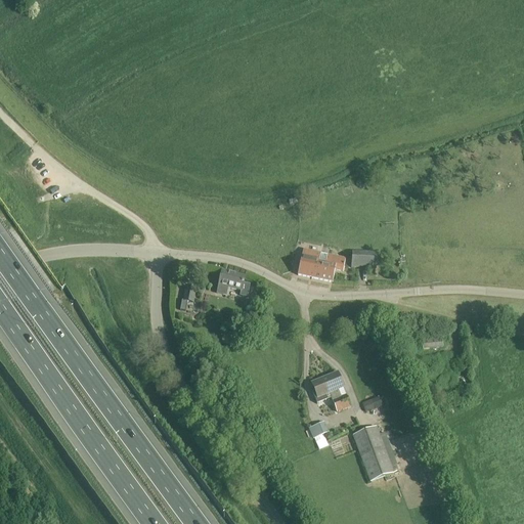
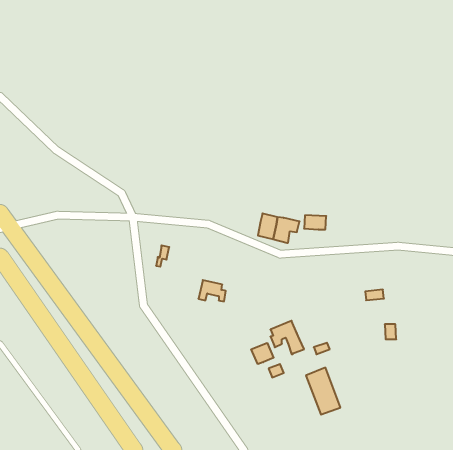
building: [217,269,249,294] -> [198,280,226,301]
building: none -> [251,343,274,364]

